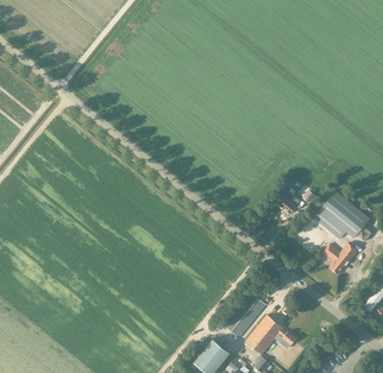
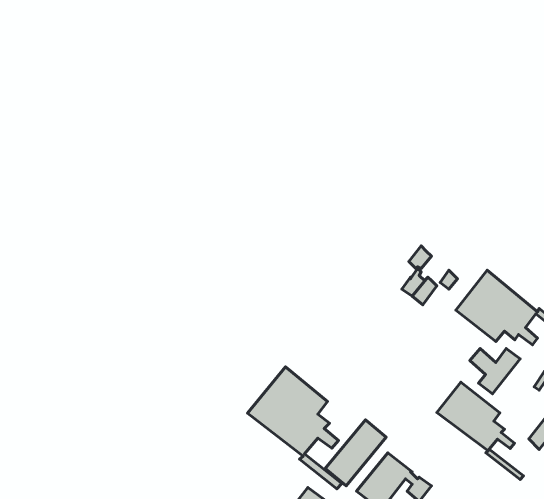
building: none -> [248,367,342,489]
building: none -> [437,382,524,479]

